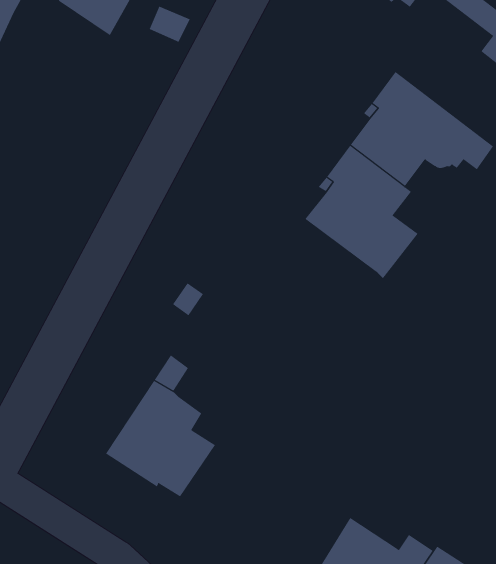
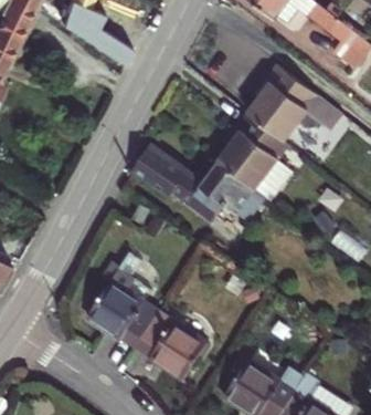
building: none -> [131,146,265,221]
building: none -> [136,312,206,381]

